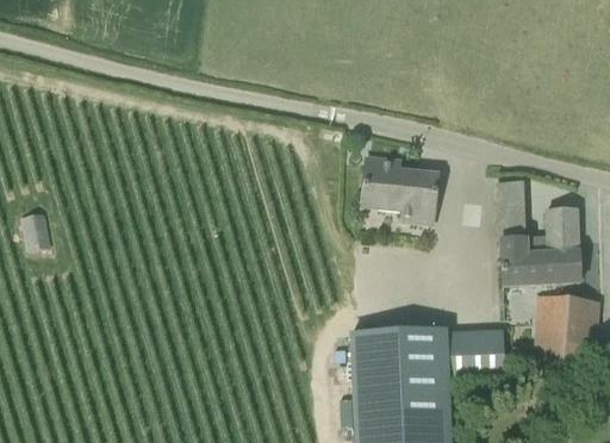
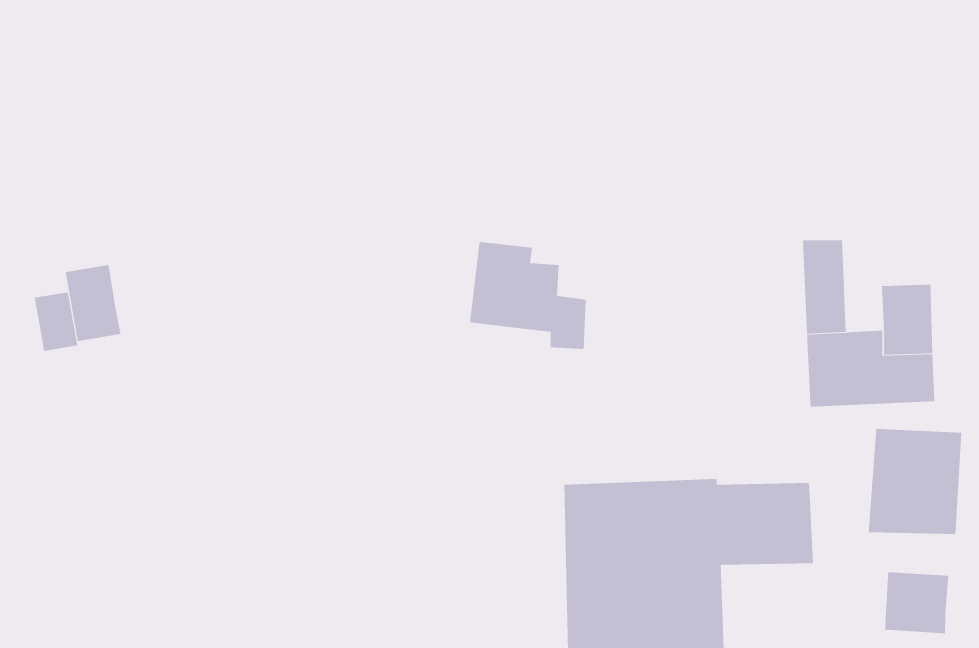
building: [362,156,435,223] -> [469,242,587,349]
building: none -> [65,264,121,342]
building: none -> [884,571,949,634]

